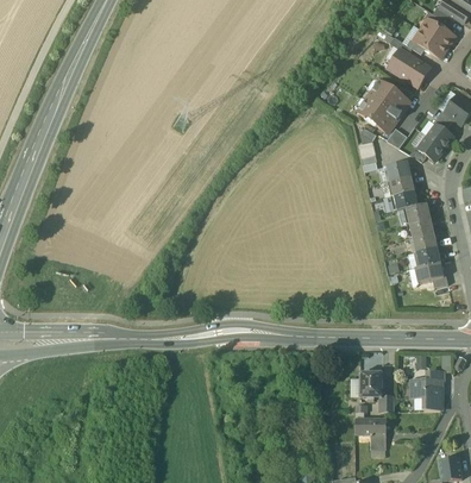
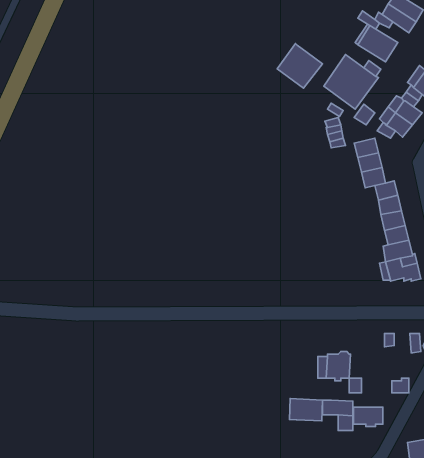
building: none -> [277,43,323,88]
building: [412,380,440,399] -> [354,407,383,427]
building: none -> [290,399,323,421]

